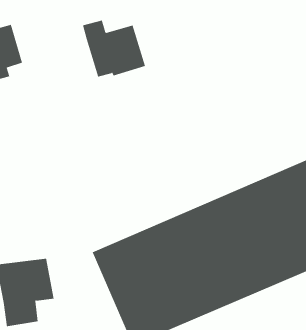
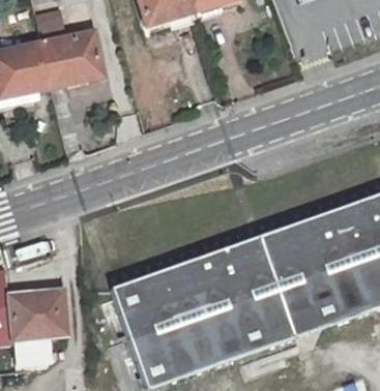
building: [82,20,146,77] -> [38,24,103,84]

